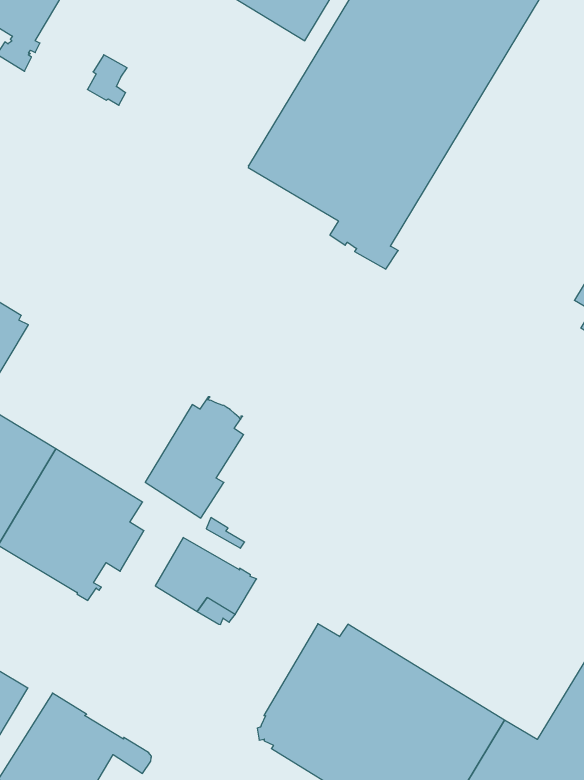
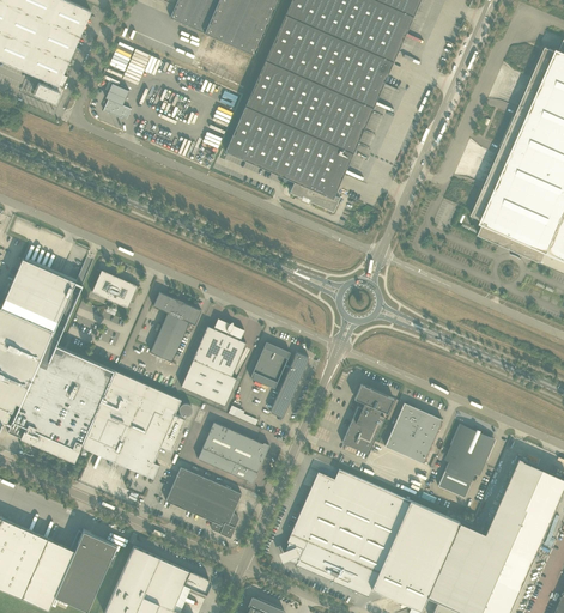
building: none -> [92,271,137,308]
building: none -> [151,291,201,362]
building: none -> [250,341,309,417]
building: none -> [341,383,393,454]
building: none -> [384,402,442,462]
building: none -> [438,424,495,497]
building: none -> [165,466,242,536]

